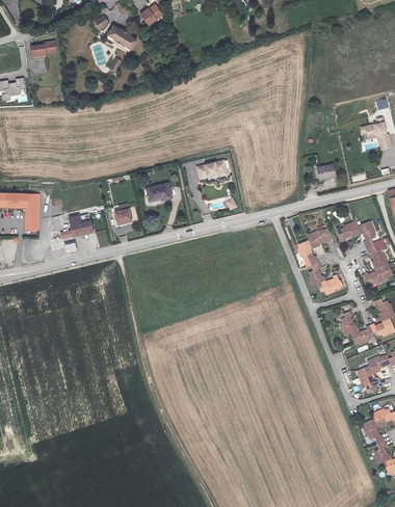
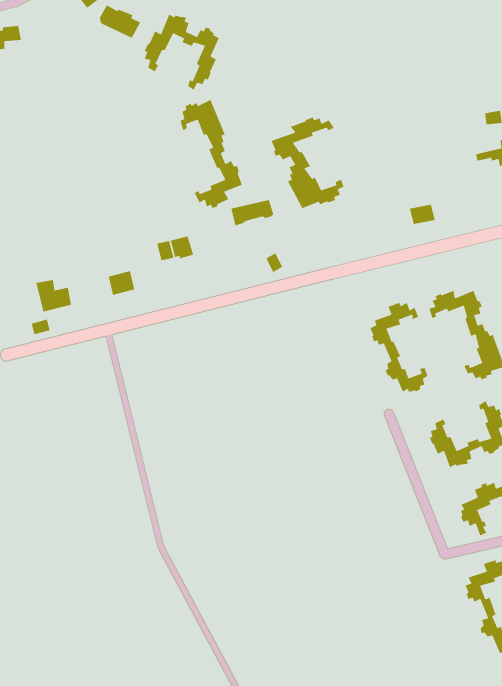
building: none -> [143,13,220,91]
building: none -> [179,99,243,209]
building: none -> [270,116,345,209]

